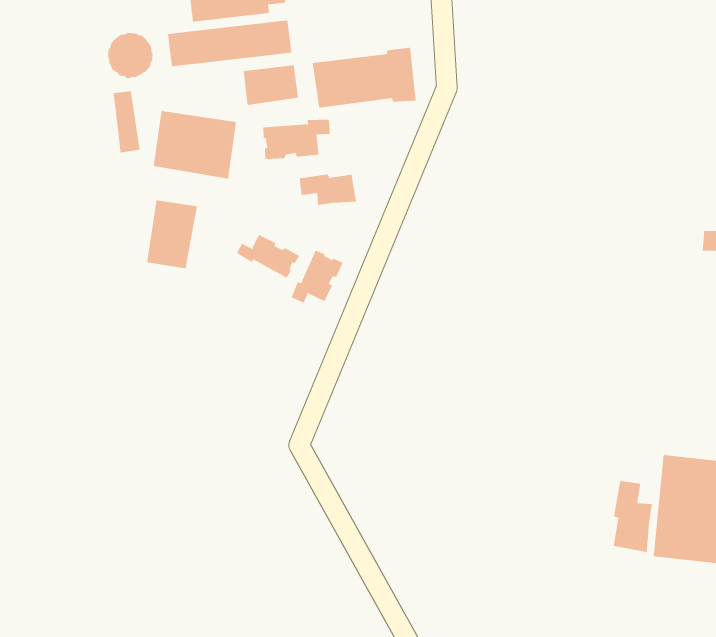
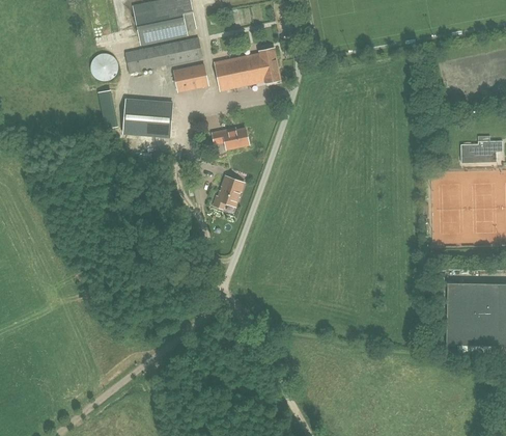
building: [263,119,330,160] -> none
building: [147,200,197,269] -> none
building: [236,234,300,278] -> none
building: [613,480,653,553] -> none

